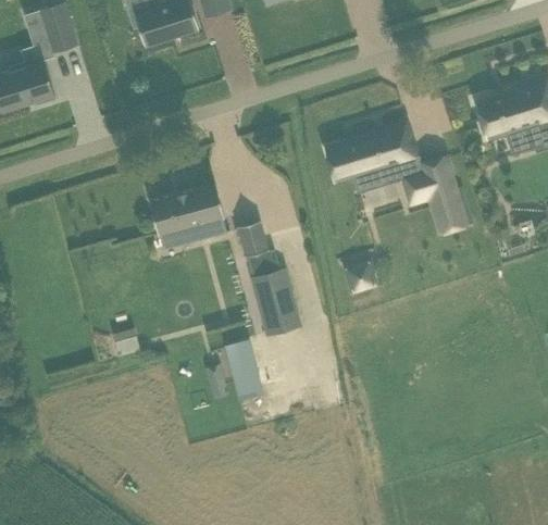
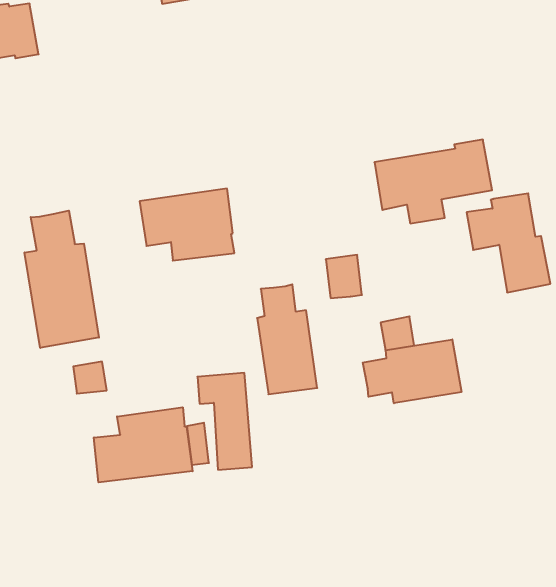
building: none -> [25,211,99,348]
building: [236,222,267,258] -> [326,255,362,298]
building: none -> [363,339,461,403]
building: none -> [94,407,193,482]

